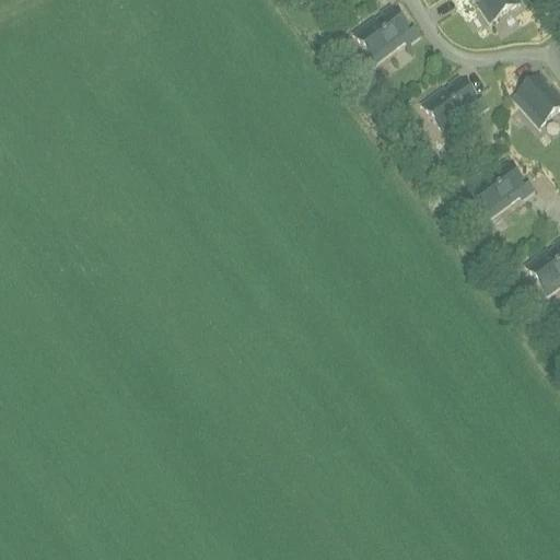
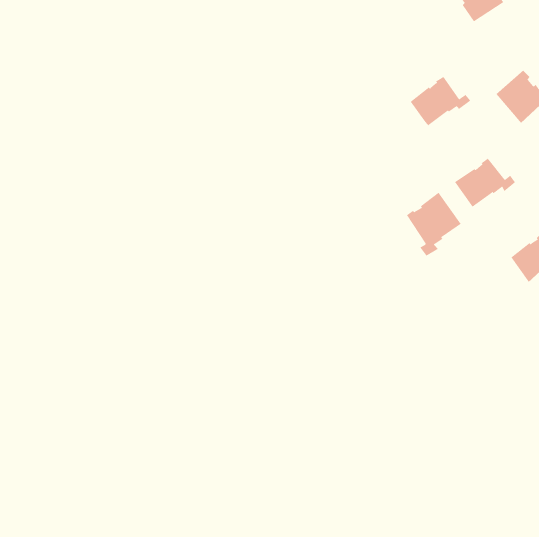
building: [357,8,420,60] -> none
building: none -> [406,192,462,256]

